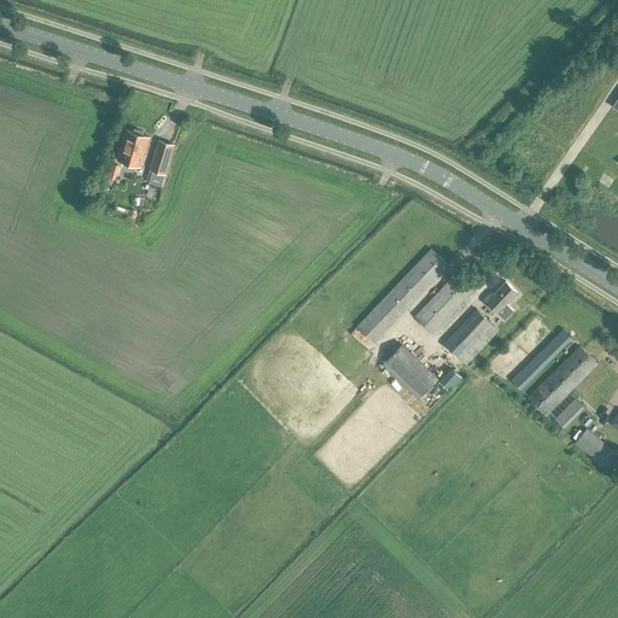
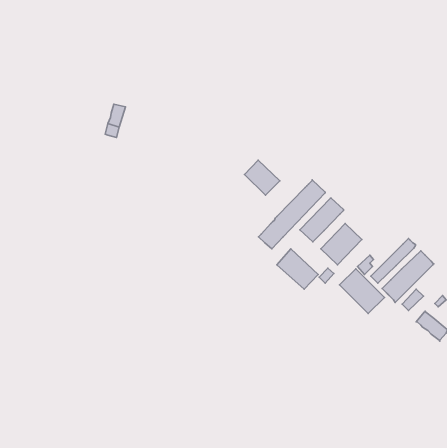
building: [115,130,150,167] -> none
building: none -> [245,160,280,195]
building: [483,281,517,314] -> none
building: none -> [340,269,384,313]

